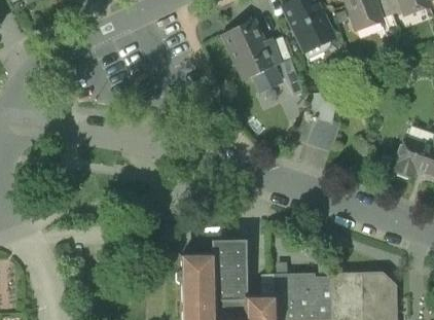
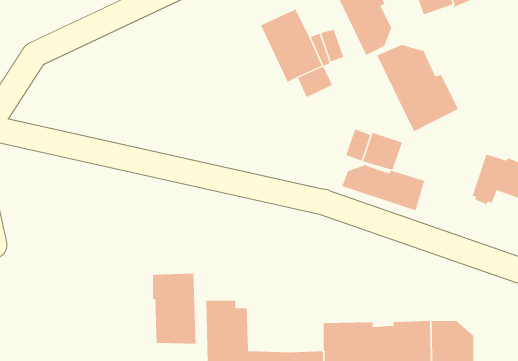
building: none -> [377,44,459,132]
building: none -> [341,164,425,211]
building: [212,241,248,298] -> [152,273,197,344]

